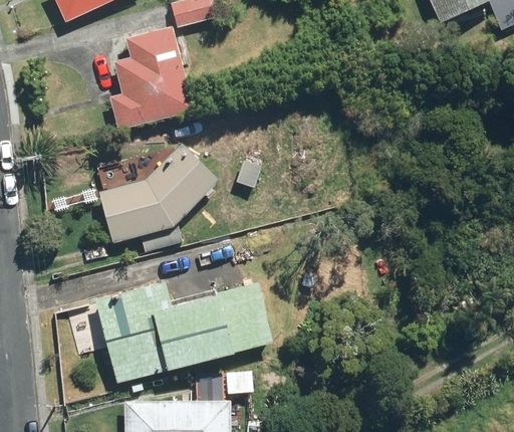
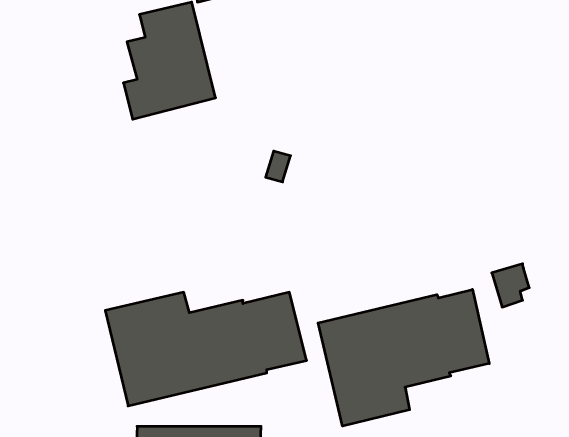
building: [98,144,220,252] -> none
building: none -> [318,289,489,426]

